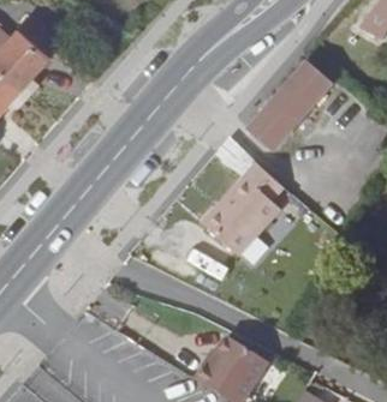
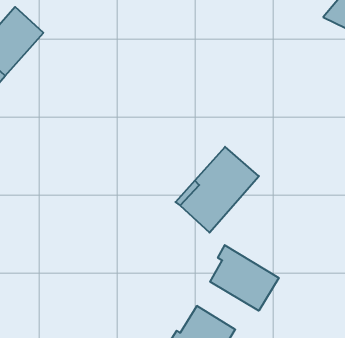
building: [248,62,332,152] -> none
building: none -> [210,245,279,311]

